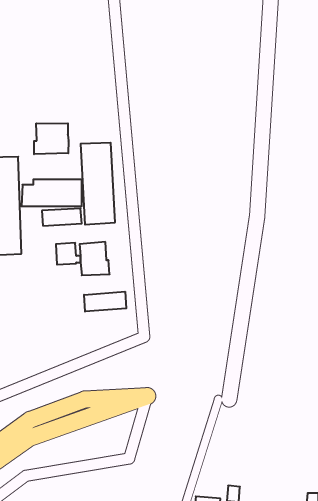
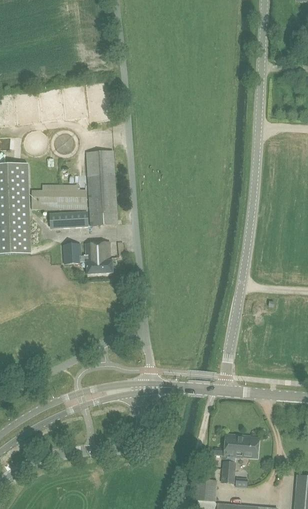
building: [34,123,68,154] -> none
building: [84,292,126,312] -> none
building: none -> [224,434,259,457]

